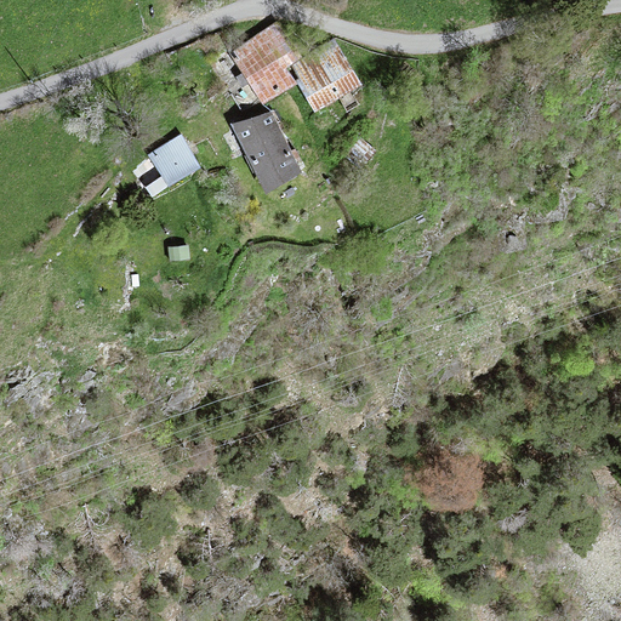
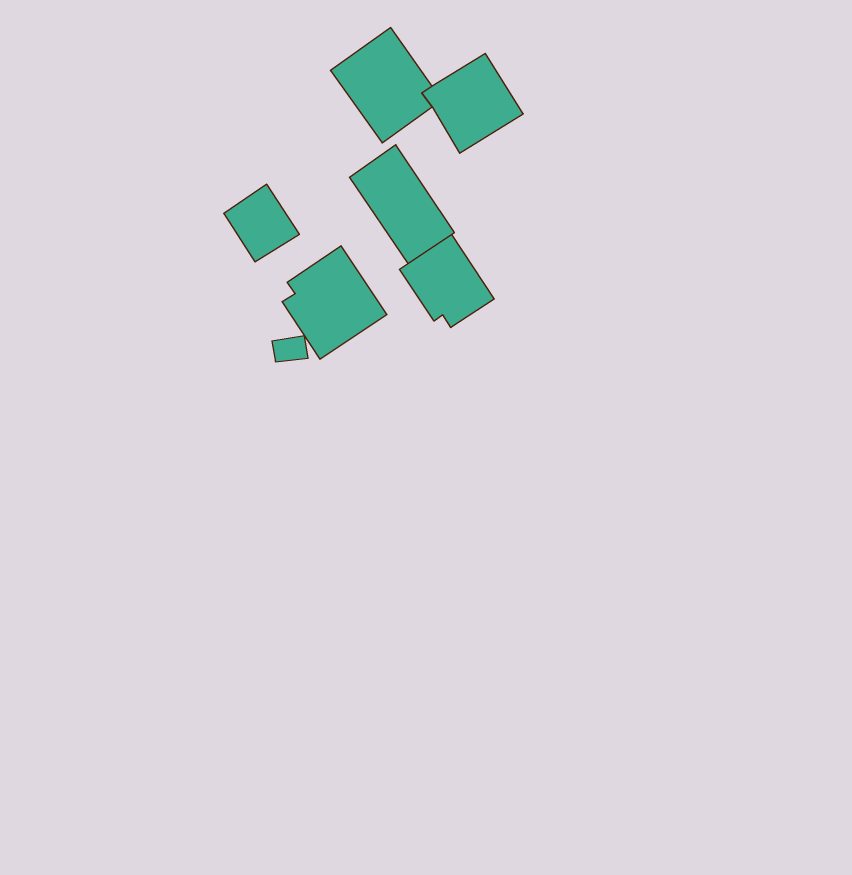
building: none -> [399,235,494,328]
building: none -> [282,246,387,359]

